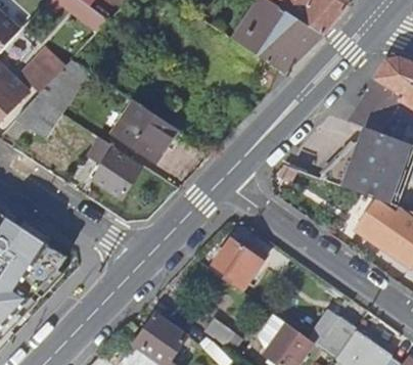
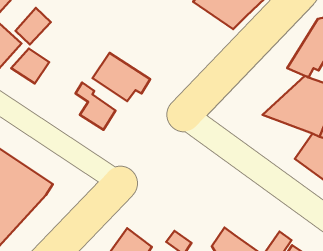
building: [36,69,81,111] -> none
building: [212,236,266,288] -> none

